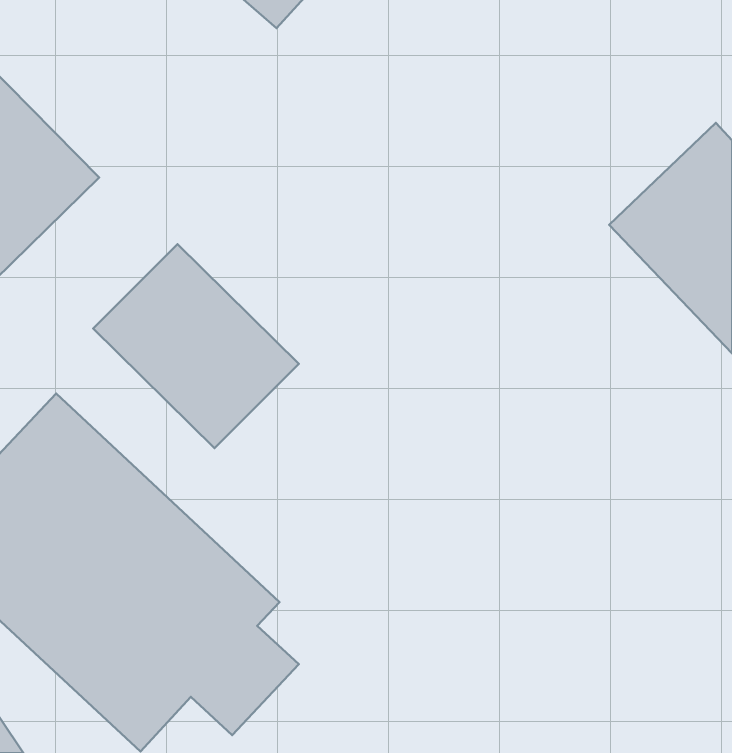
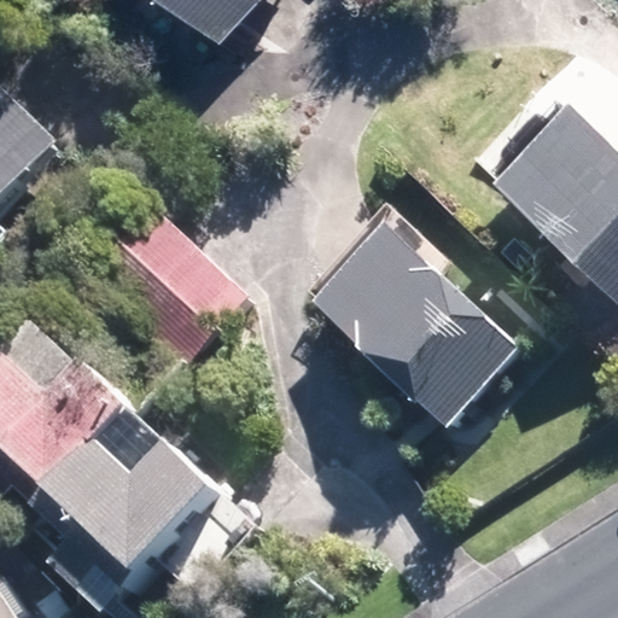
building: none -> [299,205,531,436]

